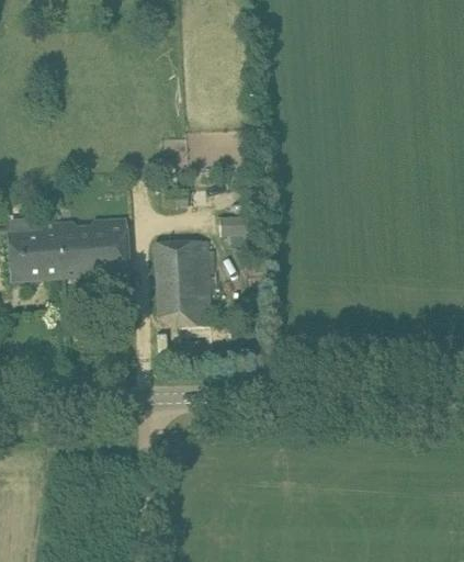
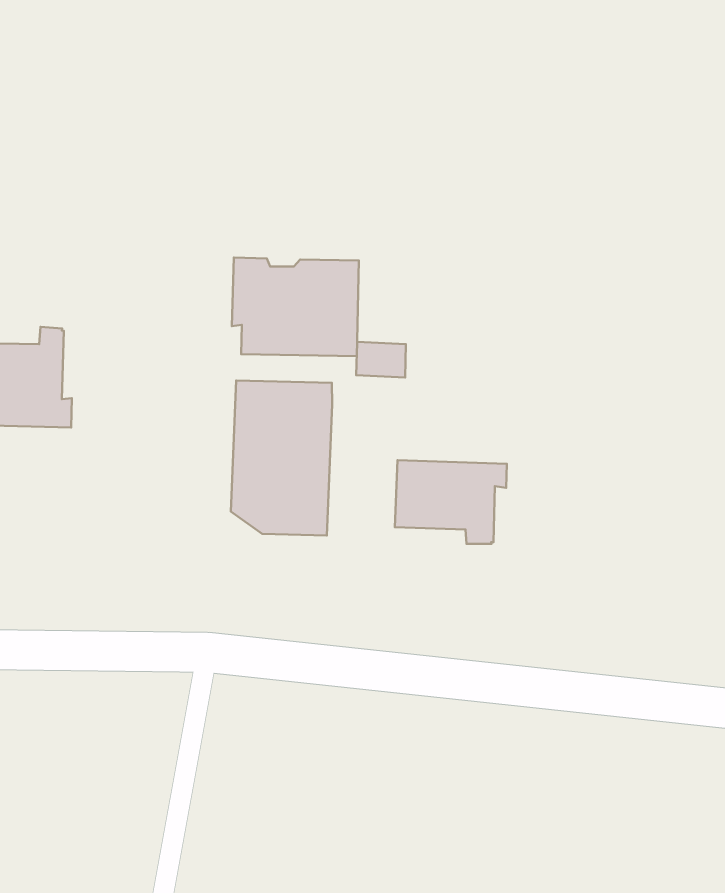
building: [55,218,128,277] -> [232,258,359,356]
building: none -> [395,460,507,544]

